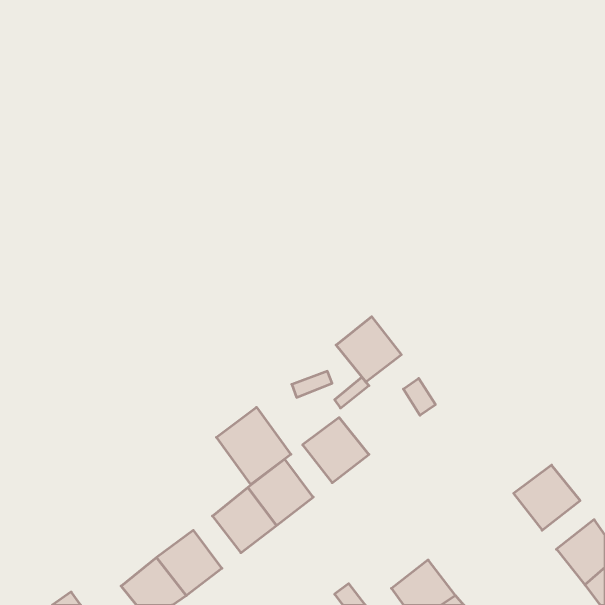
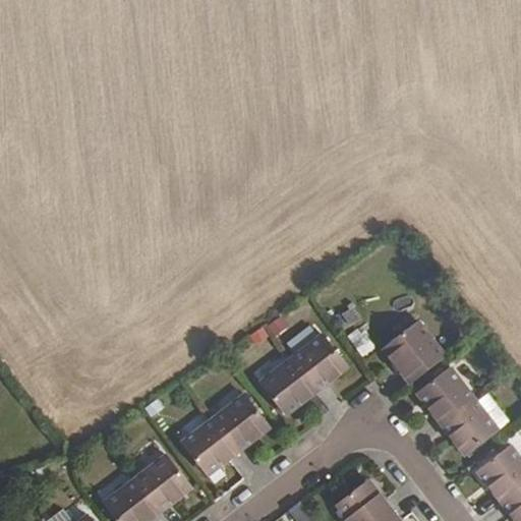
building: [336,317,401,382] -> [291,334,347,390]
building: none -> [383,322,445,383]
building: [216,407,291,484] -> none
building: none -> [417,367,473,423]

